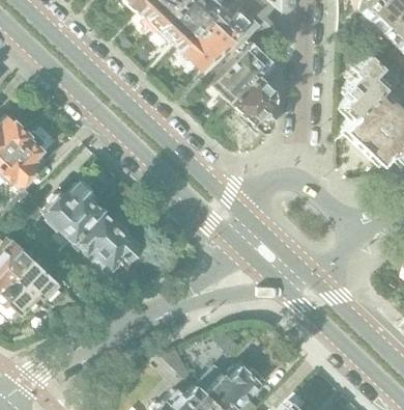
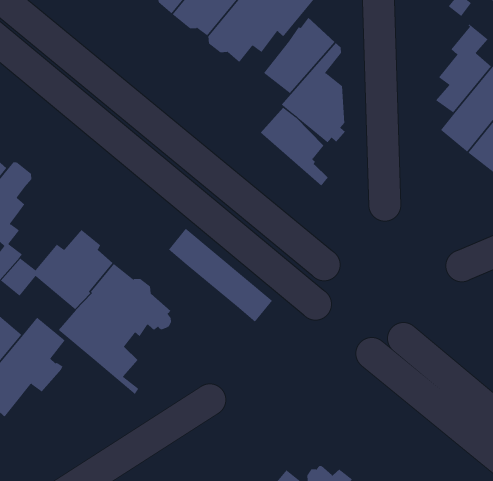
building: none -> [260,107,328,187]
building: none -> [168,228,273,322]

